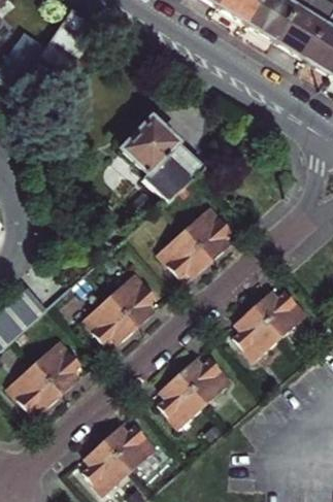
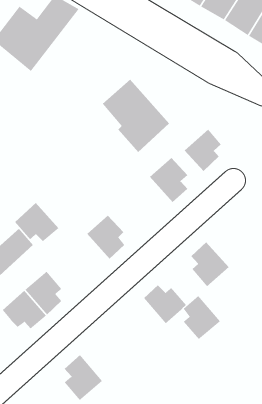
building: none -> [184,129,222,172]
building: [158,228,212,275] -> none
building: [253,289,306,336] -> none
building: [84,296,137,343] -> [14,202,59,242]
building: [159,373,204,427] -> [183,295,221,340]
building: [102,424,157,472] -> none

